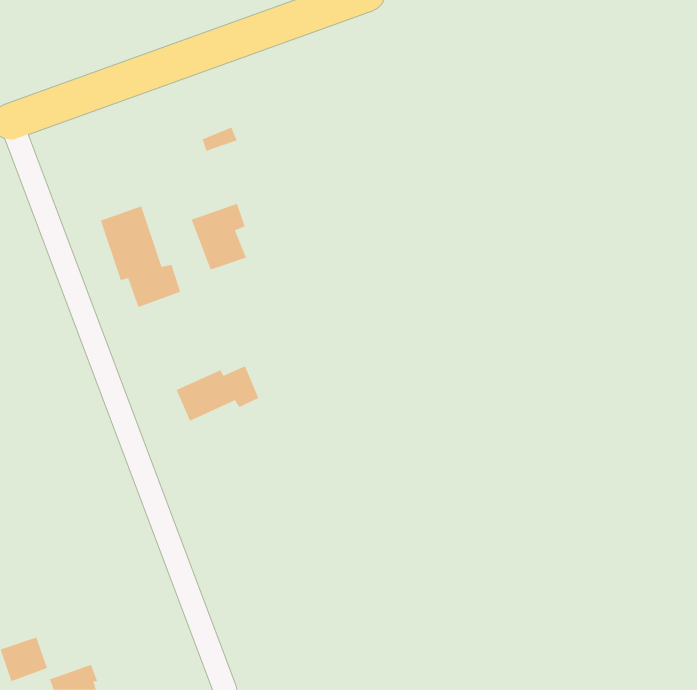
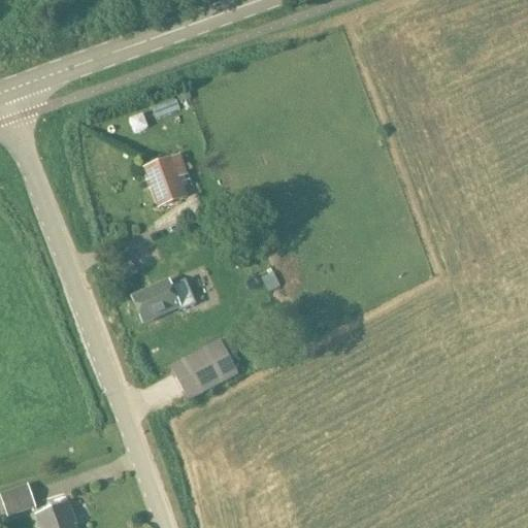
building: [100,206,181,308] -> none
building: none -> [169,337,237,398]

